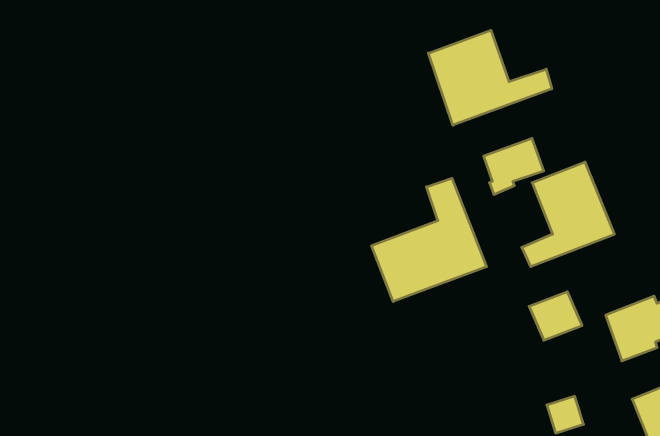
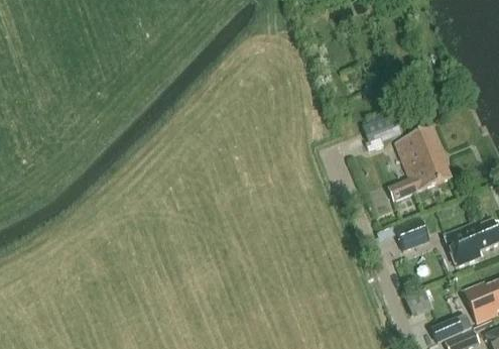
building: [428,30,552,125] -> none
building: [372,178,487,302] -> none

